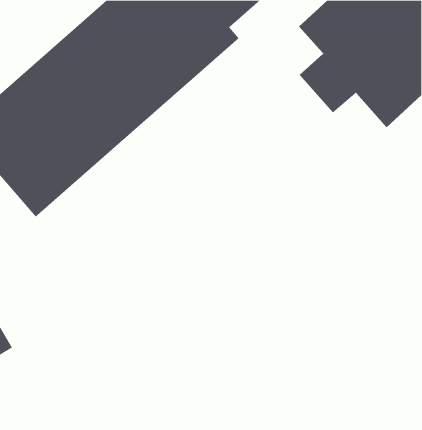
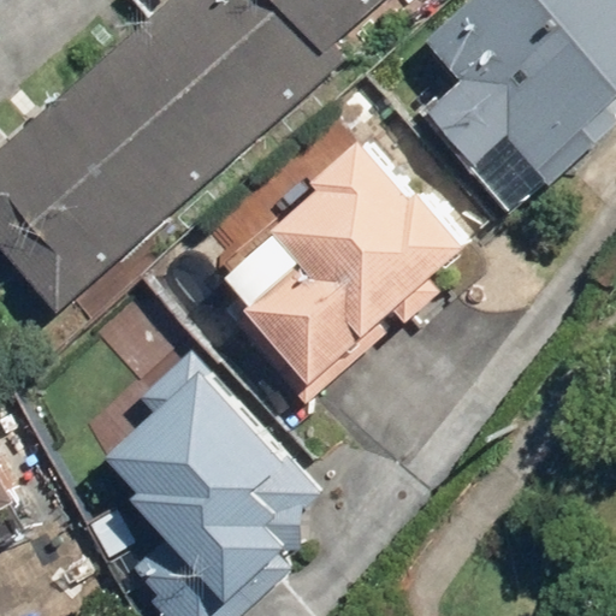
building: none -> [247,140,472,387]
building: none -> [107,350,312,600]

